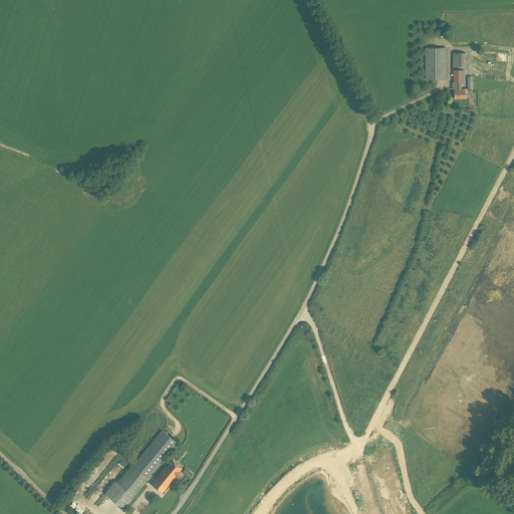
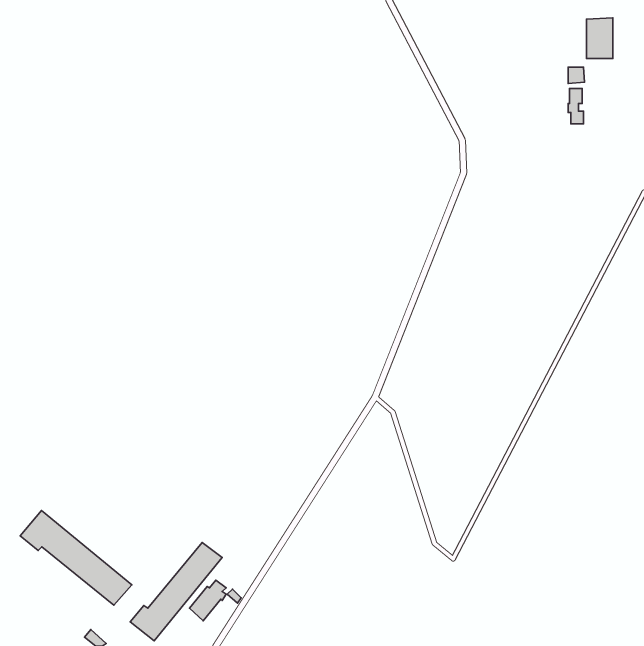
building: [424,47,445,79] -> [586,18,613,58]
building: none -> [20,511,132,605]

